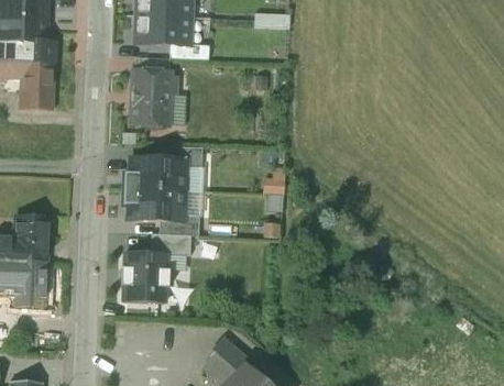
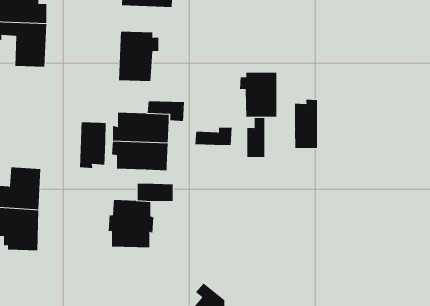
building: none -> [239,72,277,118]
building: none -> [295,99,318,149]
building: none -> [80,122,106,169]
building: [160,214,200,234] -> [194,127,232,146]

